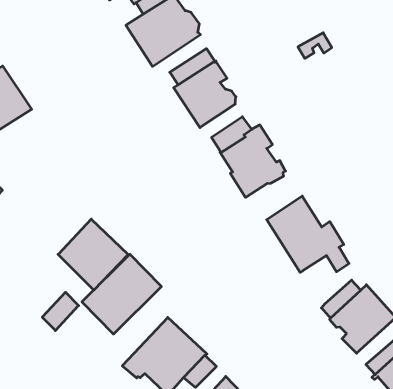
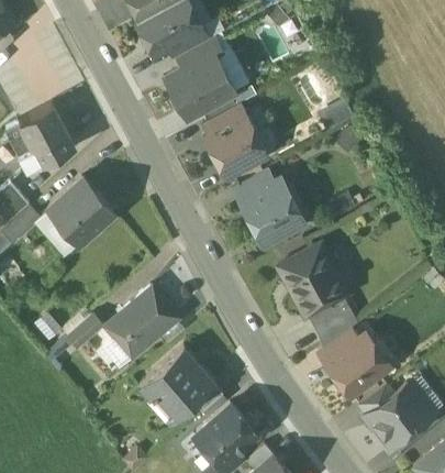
building: [58,219,128,290] -> [48,178,112,243]
building: none -> [308,303,357,347]

